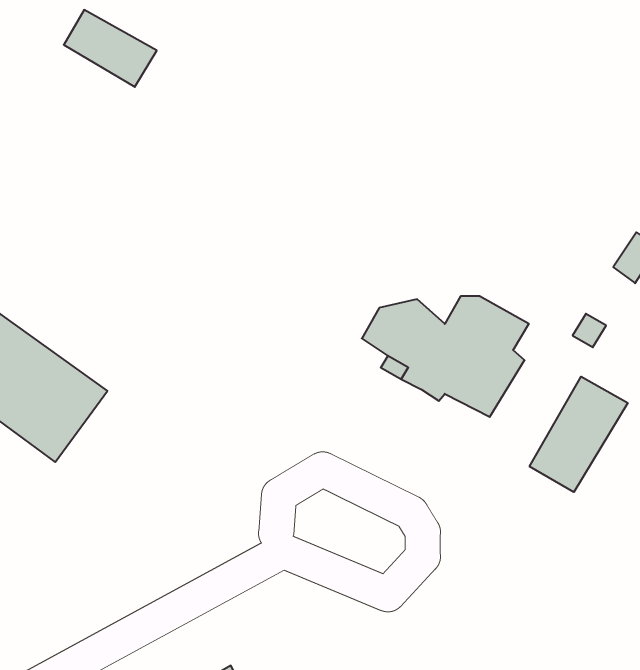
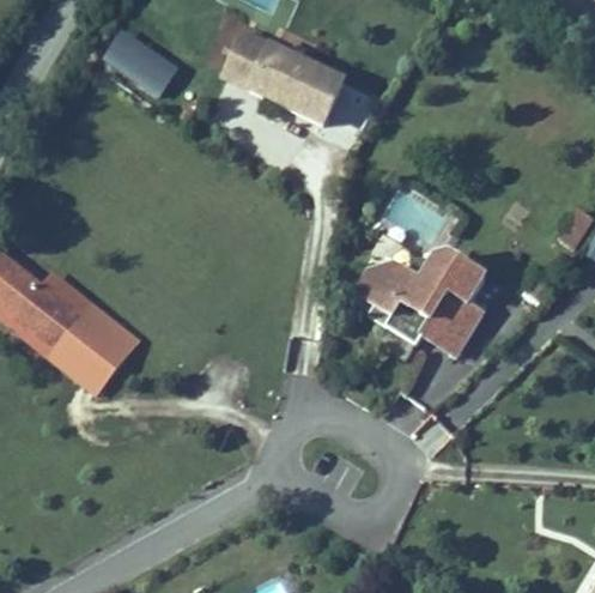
building: none -> [224,37,344,126]
building: [530,377,628,492] -> none

